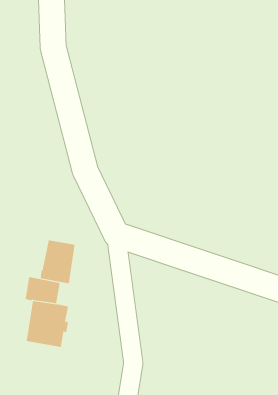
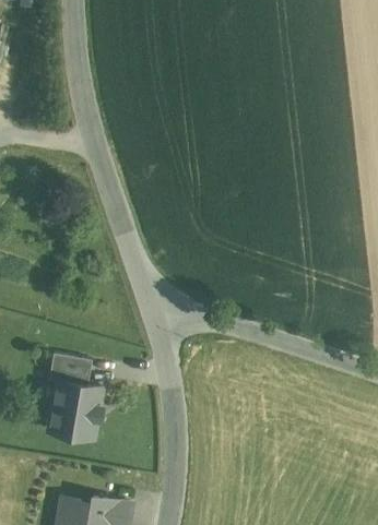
building: [40,239,75,284] -> none

